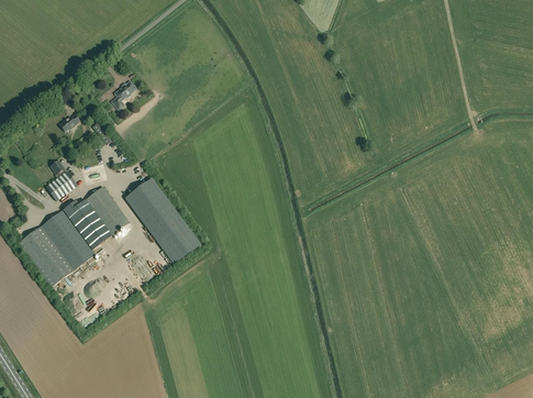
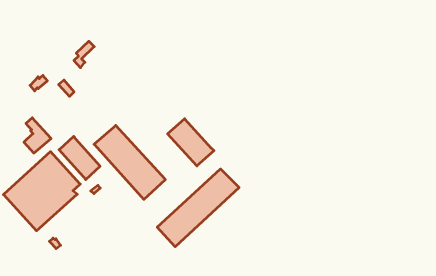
building: none -> [168,119,214,166]
building: none -> [157,169,239,247]

